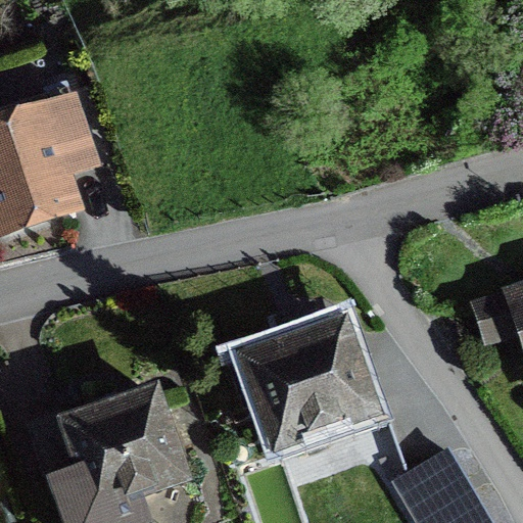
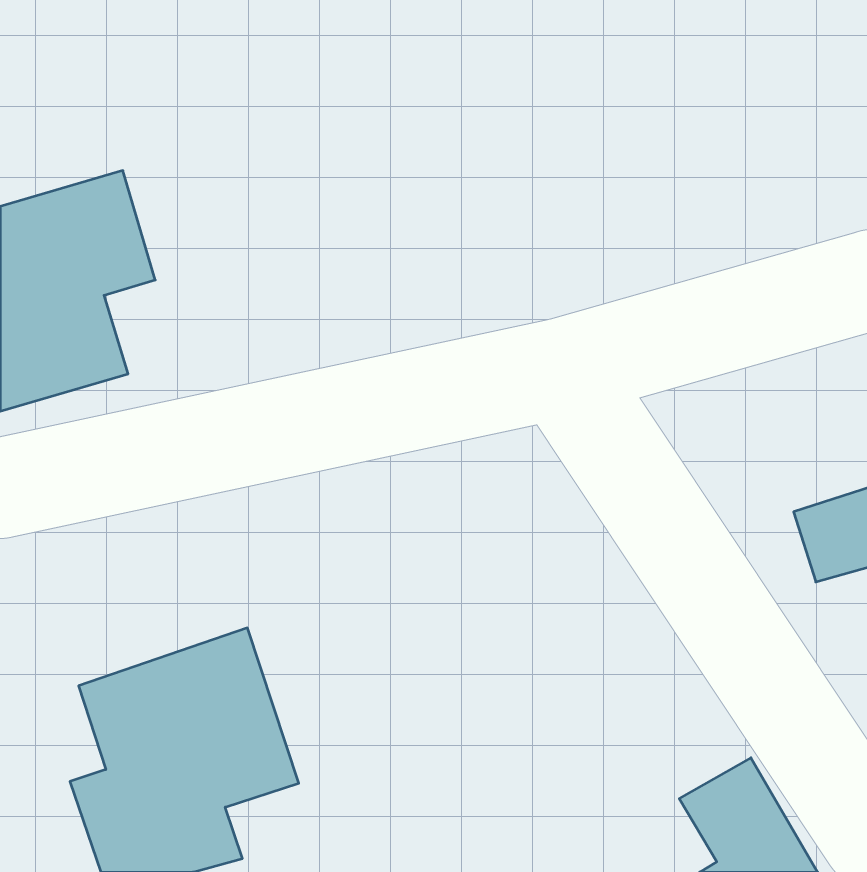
building: [239,308,384,444] -> none

